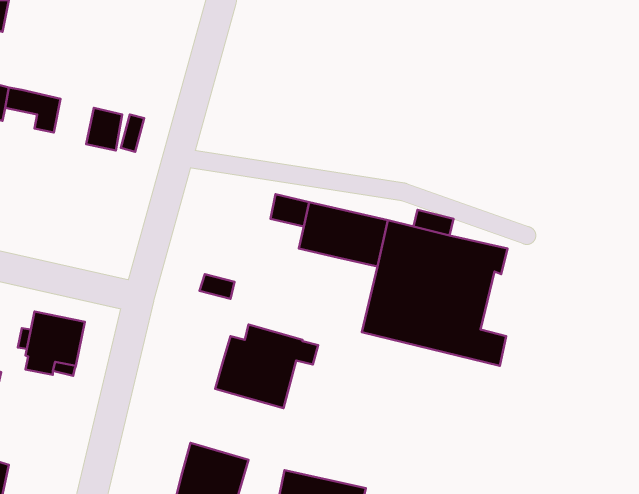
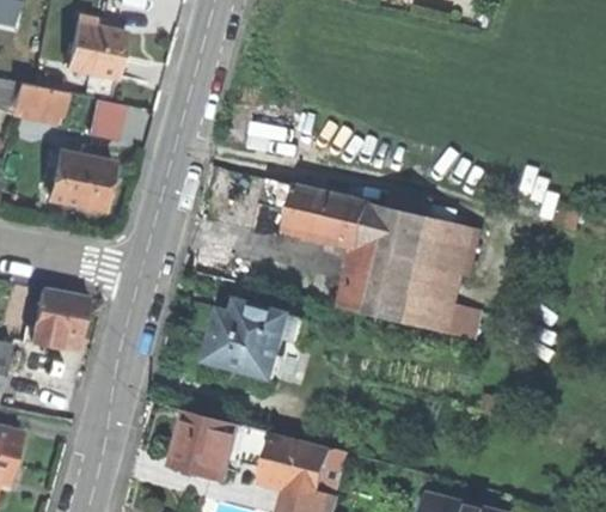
building: none -> [66,22,123,78]
building: none -> [47,151,110,208]

